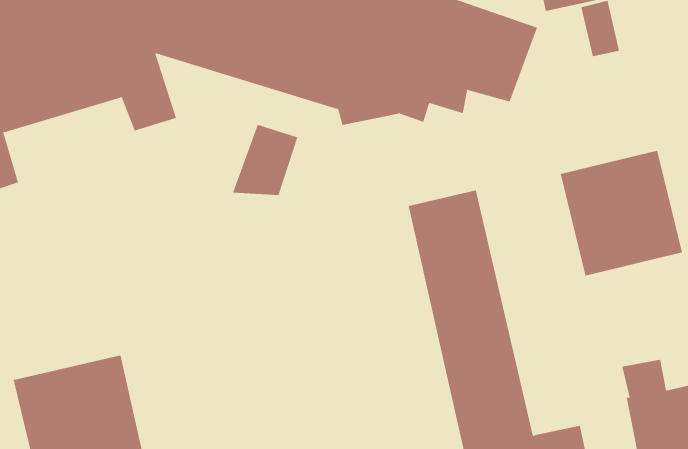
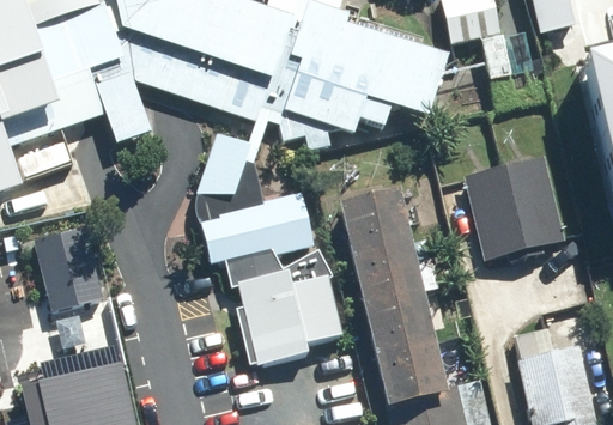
building: none -> [206,184,341,360]
building: none -> [34,226,105,309]

